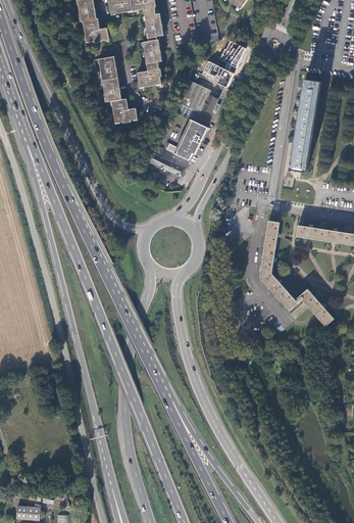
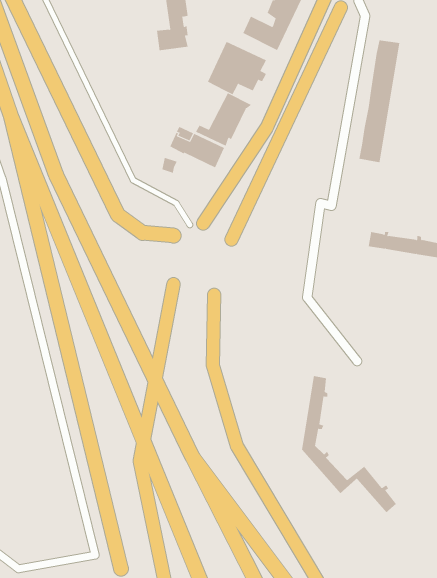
building: [98,56,136,123] -> none
building: [259,221,332,325] -> [301,376,397,513]

